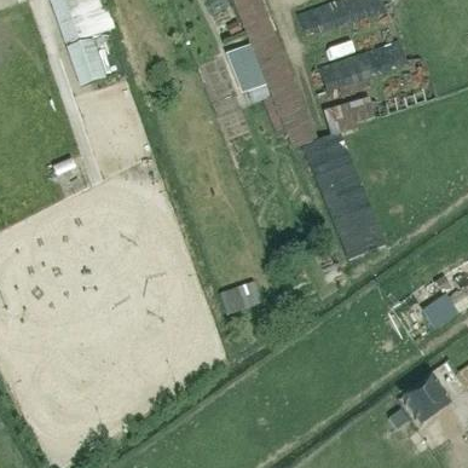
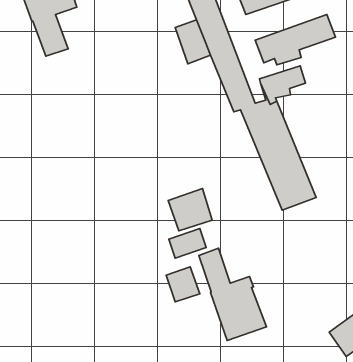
building: none -> [168,189,212,231]
building: none -> [199,248,267,340]
building: none -> [166,267,200,302]

